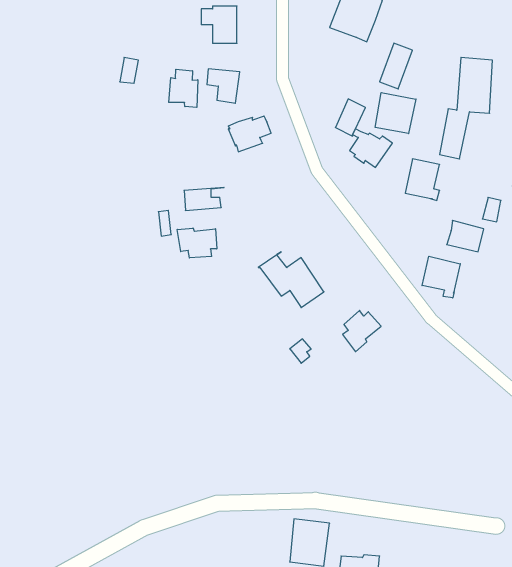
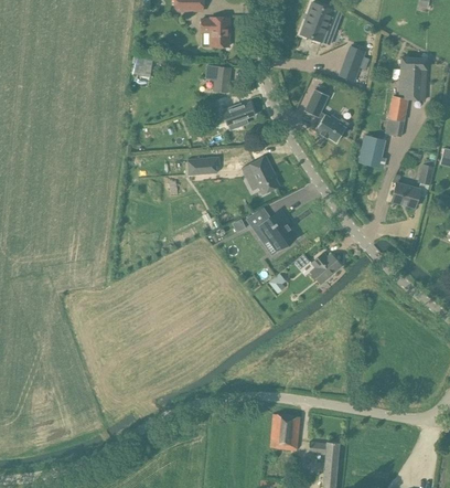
building: [169,69,198,107] -> none
building: [375,93,416,134] -> none
building: none -> [242,156,279,195]
building: [177,228,217,258] -> none
building: [422,256,460,298] -> none

